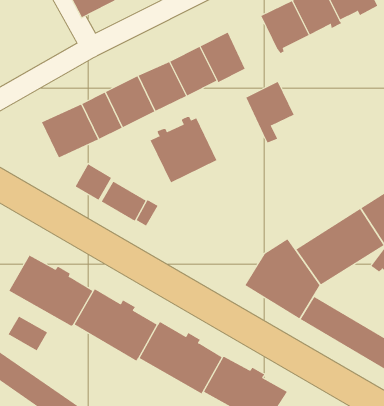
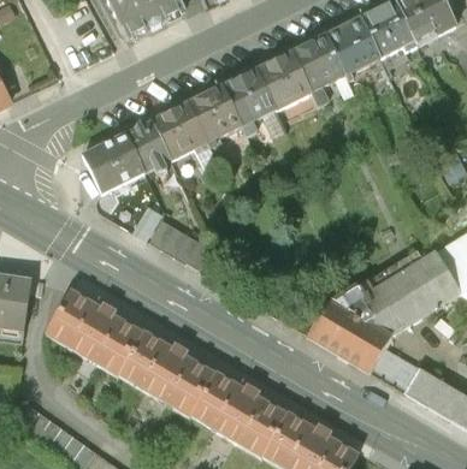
building: [246,81,294,143] -> [290,35,344,103]
building: [150,116,217,183] -> none
building: [8,316,48,351] -> none

